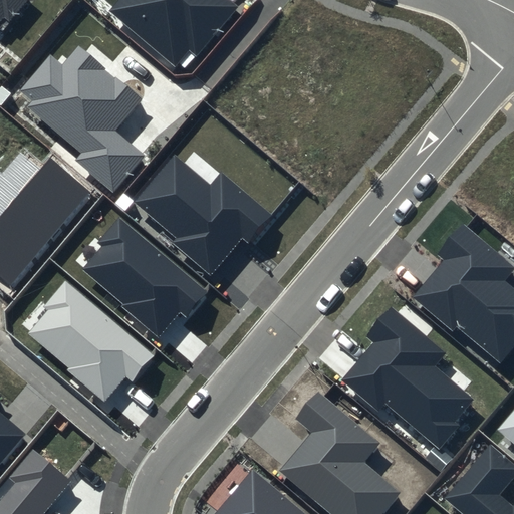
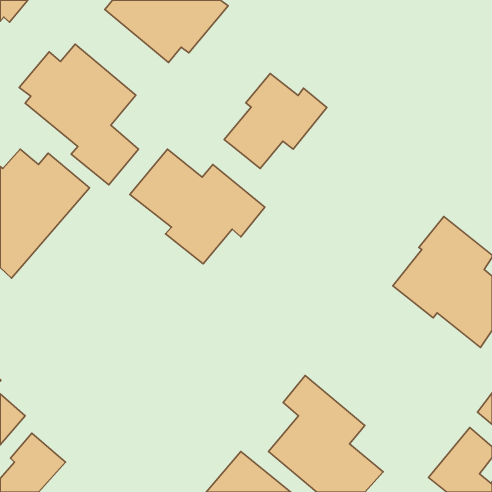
building: none -> [224,73,327,169]
building: [81,217,209,335] -> none
building: [27,282,156,401] -> none
building: [341,307,473,449] -> none

